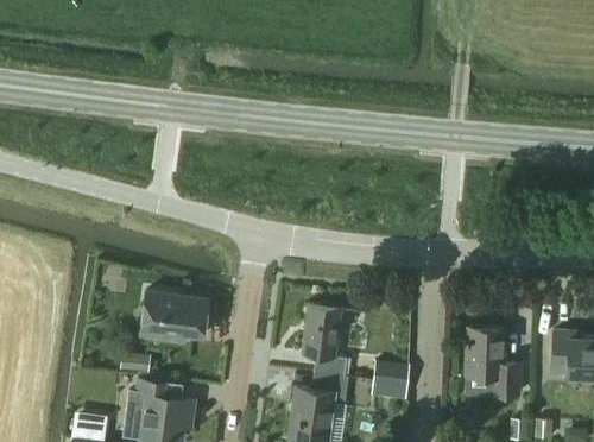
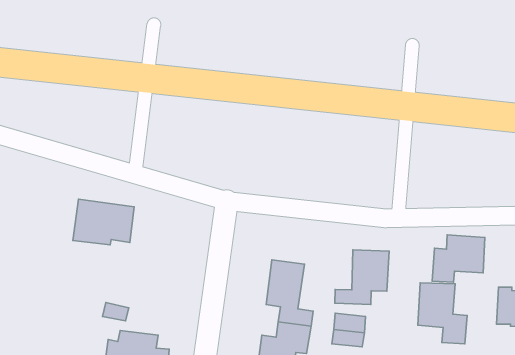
building: none -> [432,235,485,282]
building: [143,292,209,342] -> [73,199,134,245]
building: none -> [335,250,389,305]

